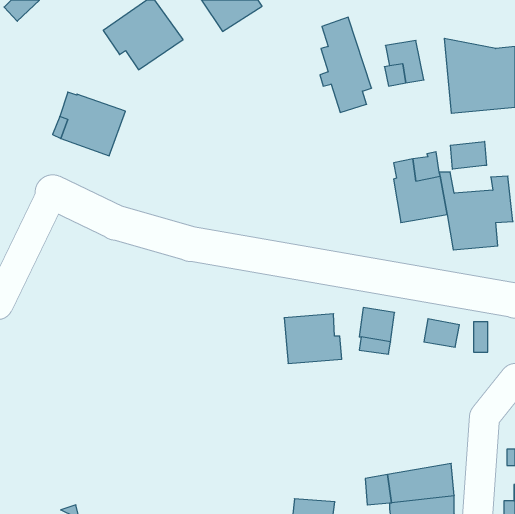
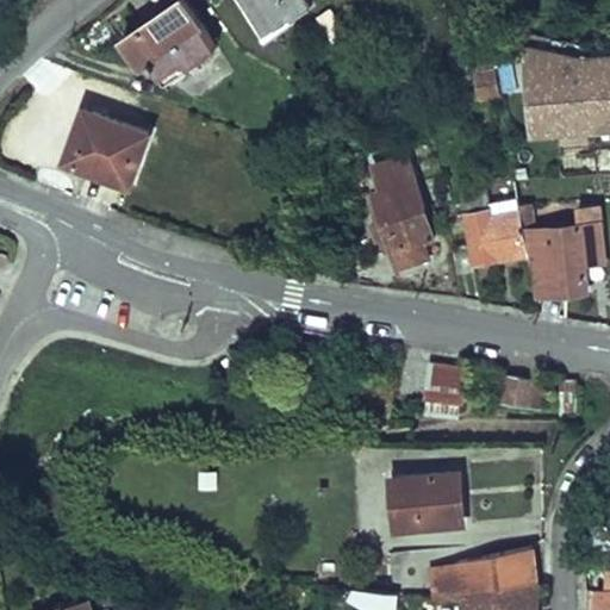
building: [320,17,372,112] -> [372,157,432,269]
building: [450,141,487,169] -> none
building: [284,314,342,363] -> [392,473,460,531]

